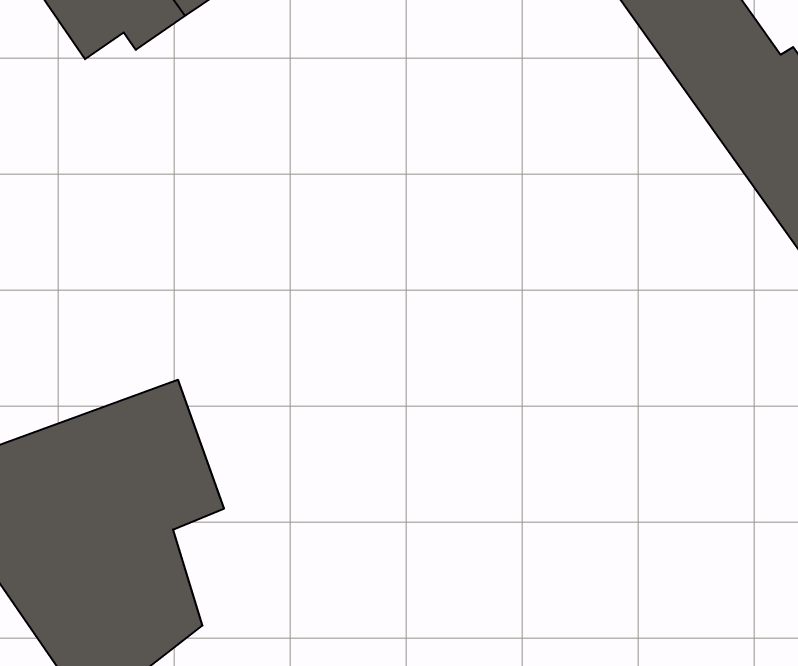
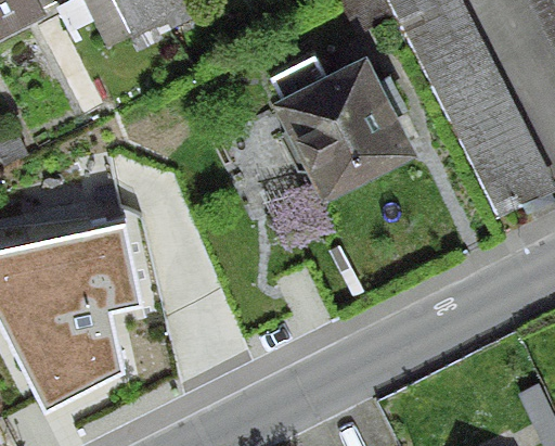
building: none -> [271,51,404,183]

